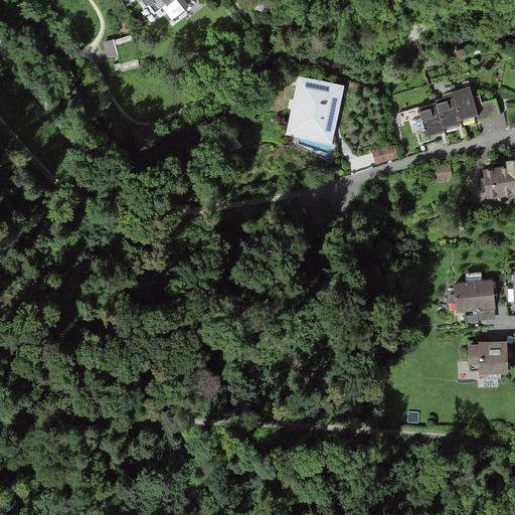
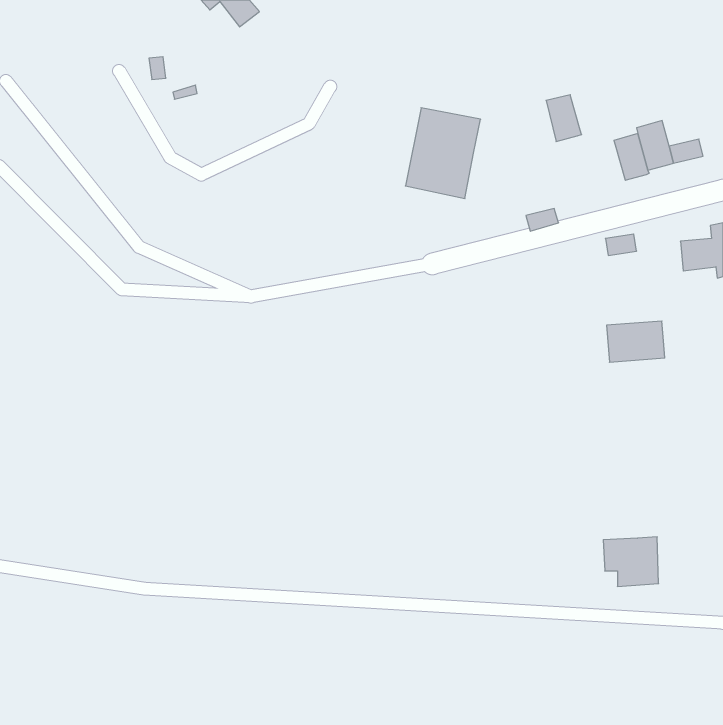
building: [419,103,445,136] -> [546,95,582,142]
building: [453,283,494,312] -> [607,321,665,362]
building: [468,342,507,377] -> [603,537,659,586]

